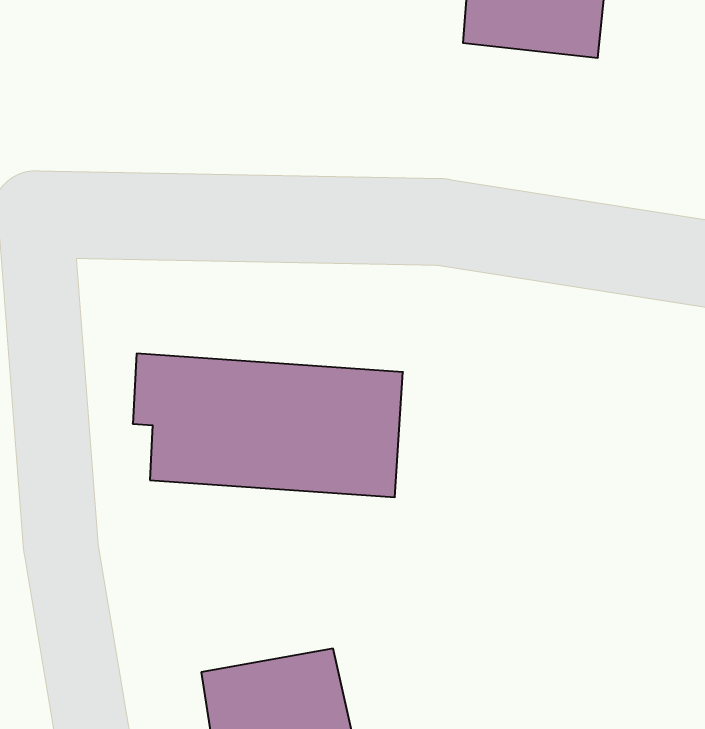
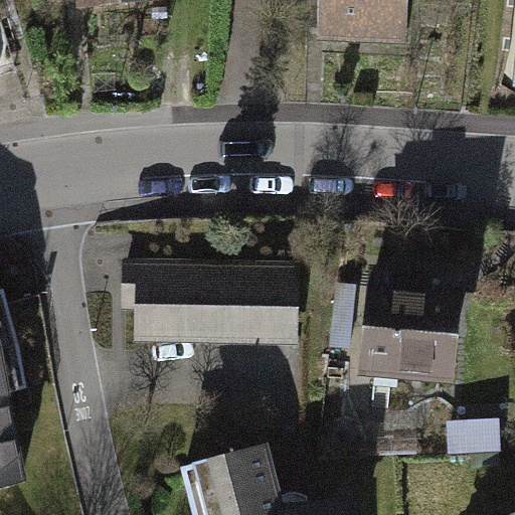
building: none -> [356,267,458,380]

